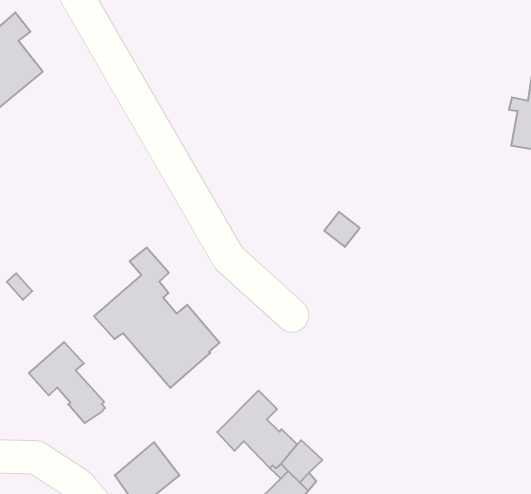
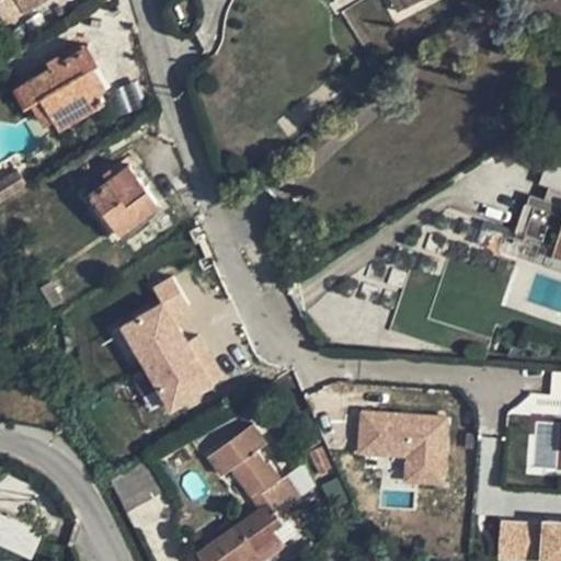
building: none -> [80,162,156,233]
building: [29,342,105,423] -> none
building: none -> [358,412,446,483]

